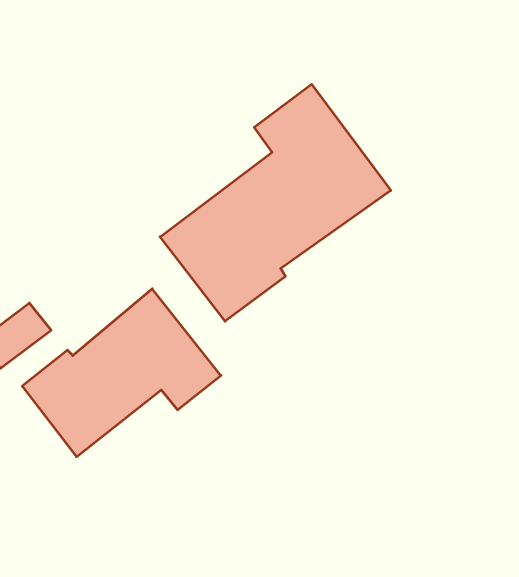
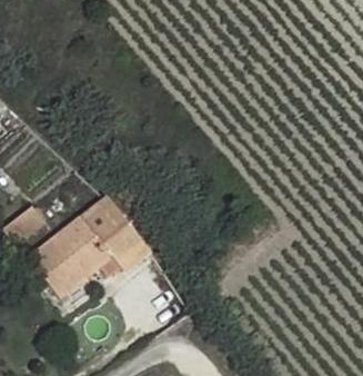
building: [160,84,391,321] -> none

